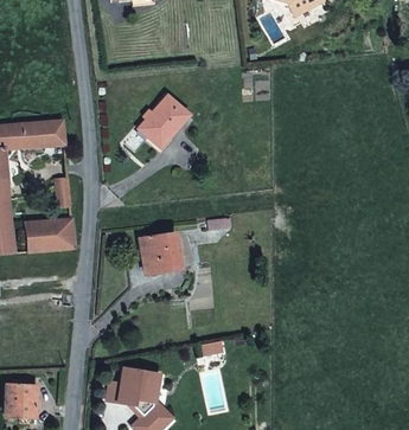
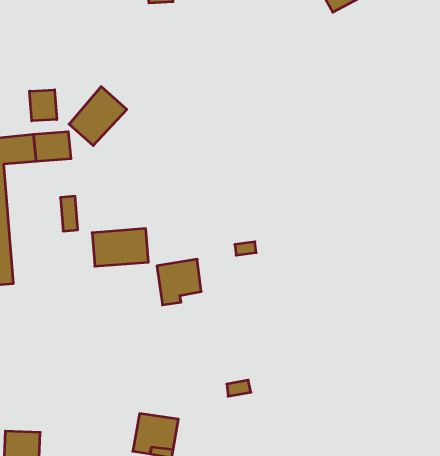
building: none -> [30,90,57,121]
building: [139,95,190,147] -> [69,87,127,146]
building: [25,219,75,252] -> [92,229,148,266]

